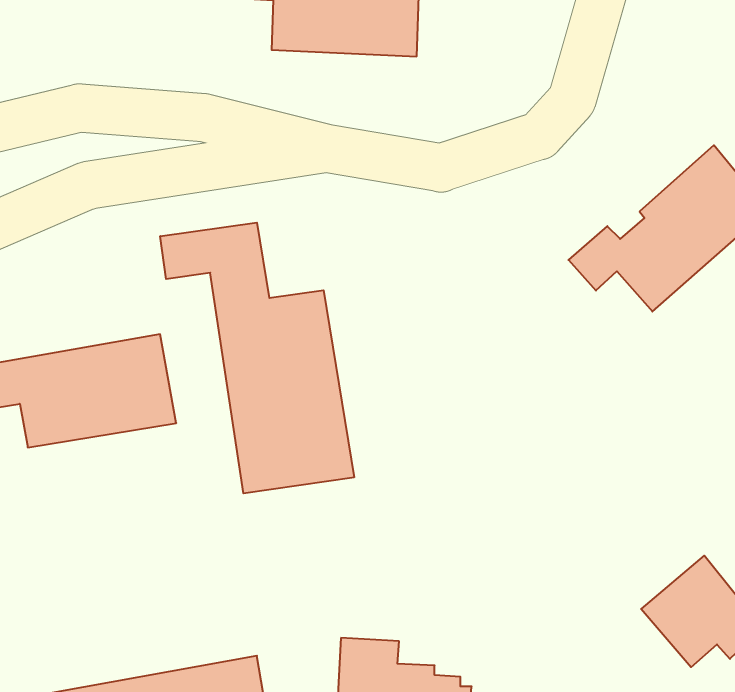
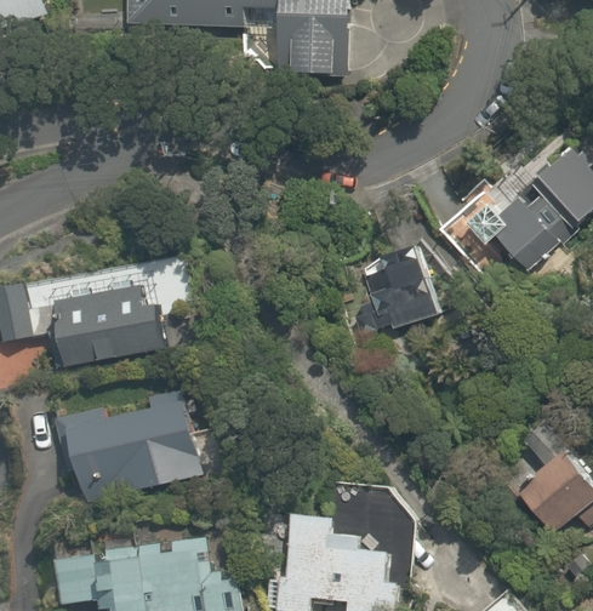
building: [160,223,354,493] -> none
building: none -> [353,251,443,344]
building: none -> [51,381,198,501]

